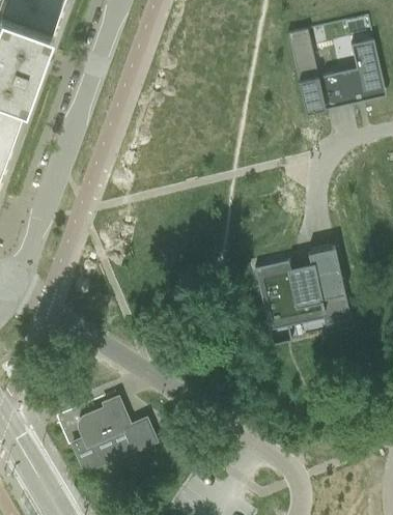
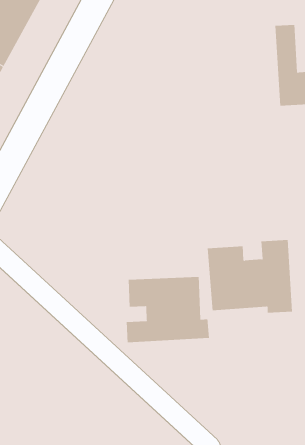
building: none -> [126,276,209,343]
building: [74,402,157,470] -> none

